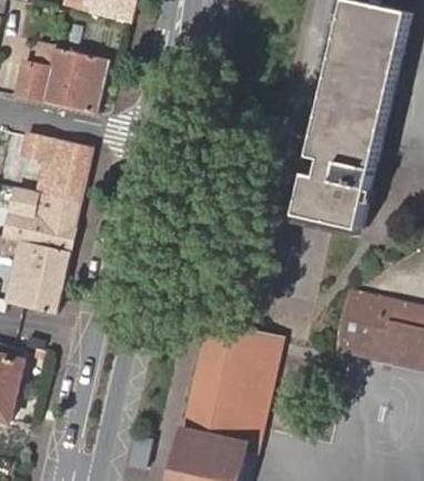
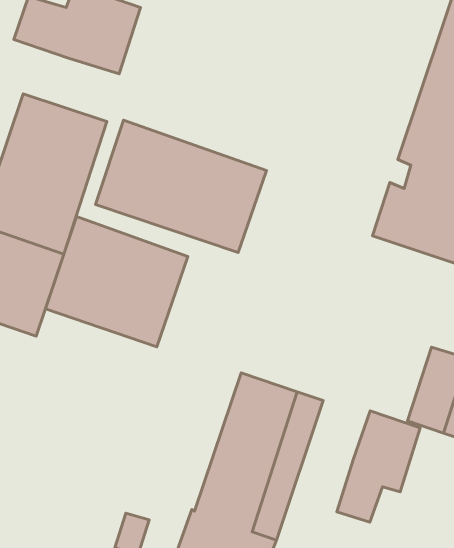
building: none -> [96,120,267,252]
building: none -> [45,216,188,347]
building: none -> [337,411,420,522]

